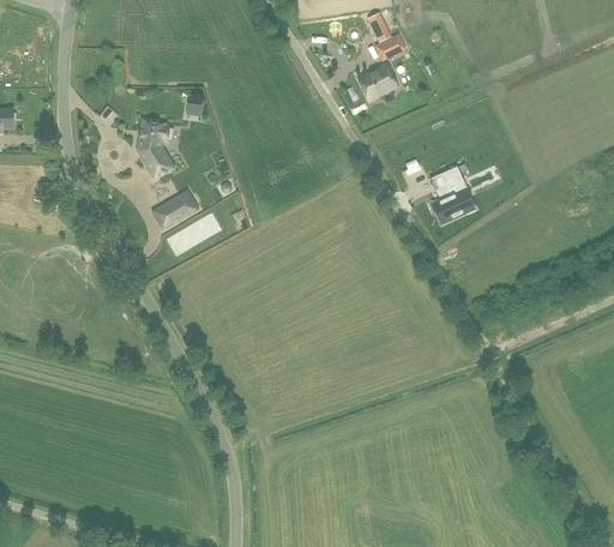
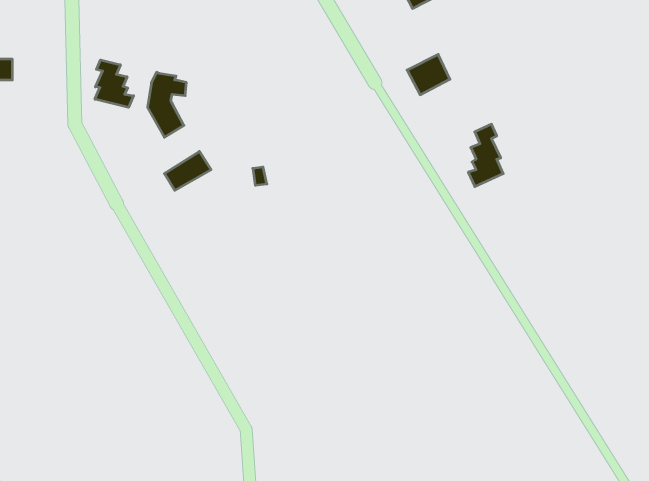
building: [357,61,397,98] -> [407,54,450,95]
building: none -> [95,60,134,107]

